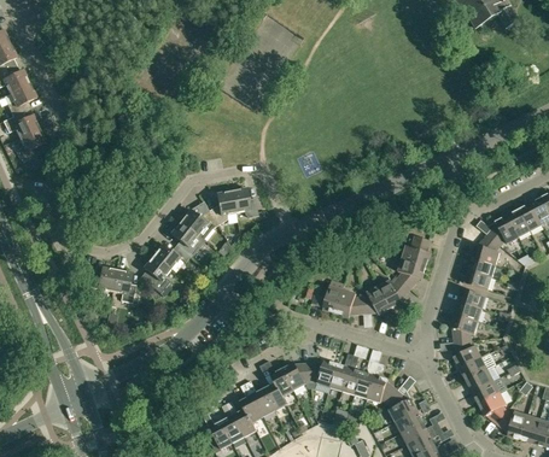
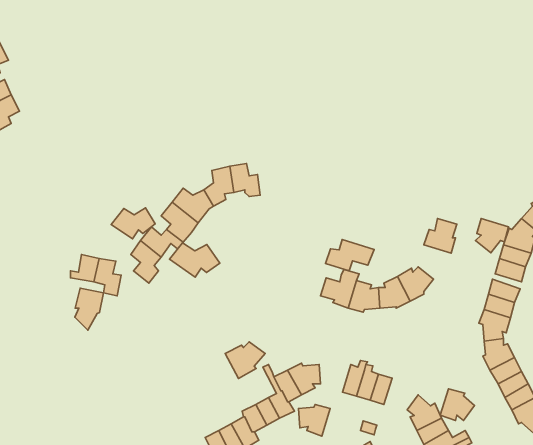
building: none -> [111,208,155,239]
building: none -> [326,239,374,271]
building: none -> [169,243,220,277]
building: [397,258,426,288] -> [476,219,509,253]
building: none -> [75,288,103,330]
building: none -> [225,342,265,379]
building: [310,359,338,387] -> [299,404,330,436]
building: [367,375,397,403] -> [440,389,475,421]

